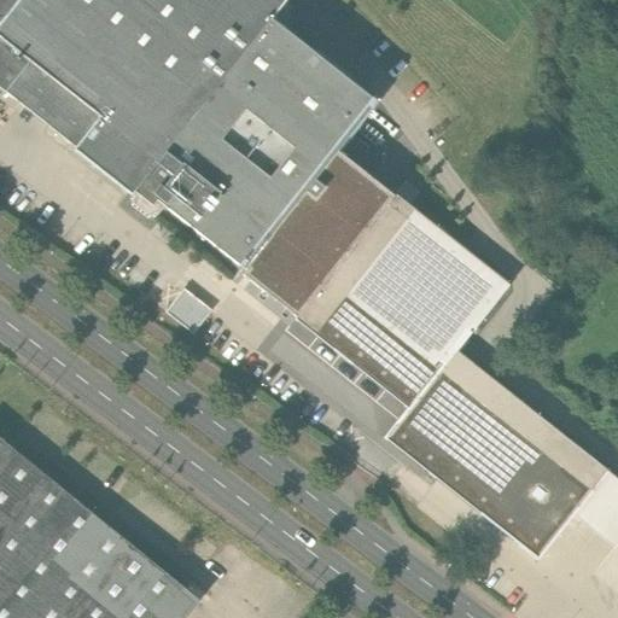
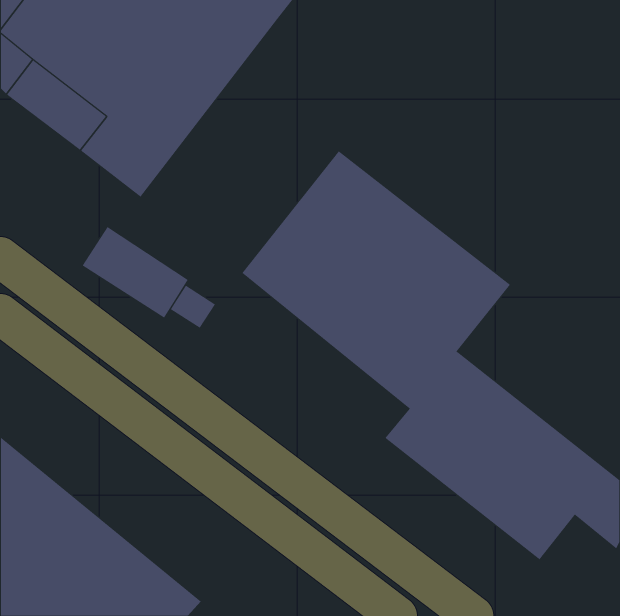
building: [140,19,375,272] -> none
building: none -> [82,226,189,318]

